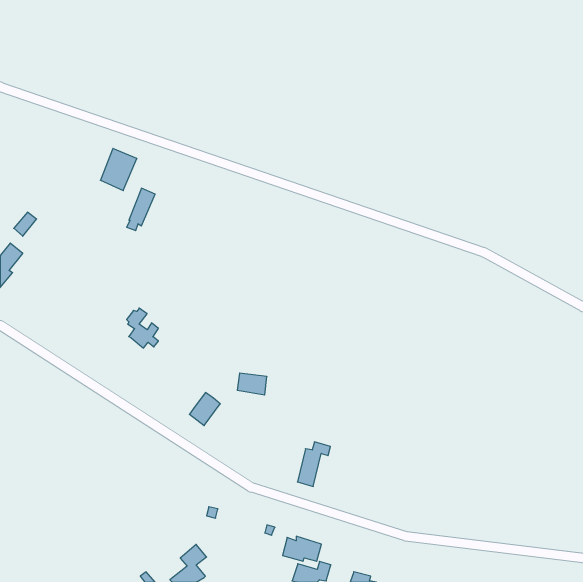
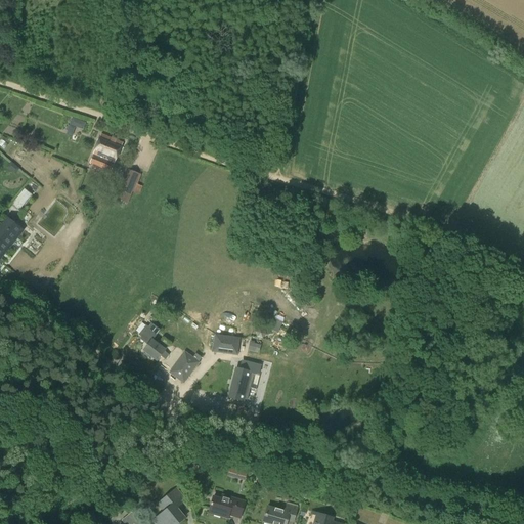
building: [127,308,158,348] -> [140,324,169,360]
building: [297,442,330,486] -> [230,362,260,402]
building: [283,536,321,561] -> [209,494,244,517]

